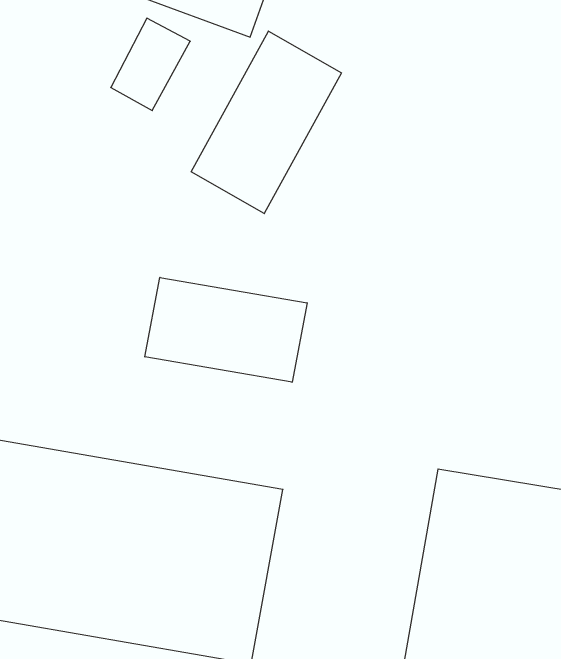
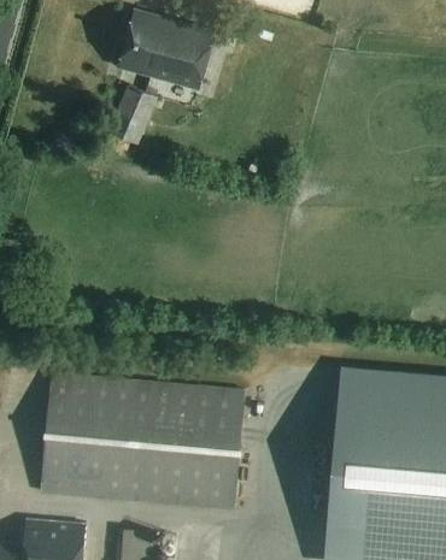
building: [191,31,341,214] -> none
building: [145,277,307,382] -> none

